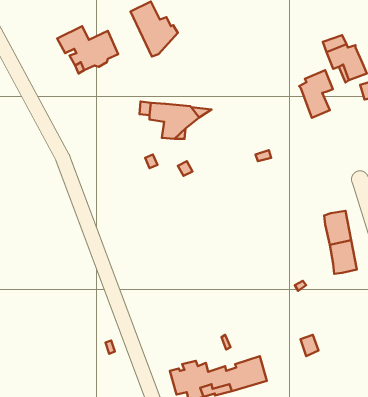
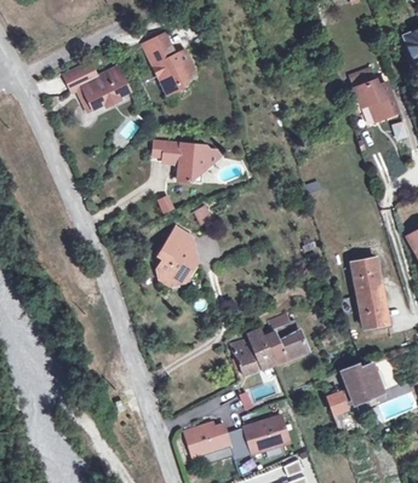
building: [299,70,333,118] -> none
building: none -> [156,226,196,284]
building: none -> [230,320,305,375]
building: none -> [342,362,382,401]

